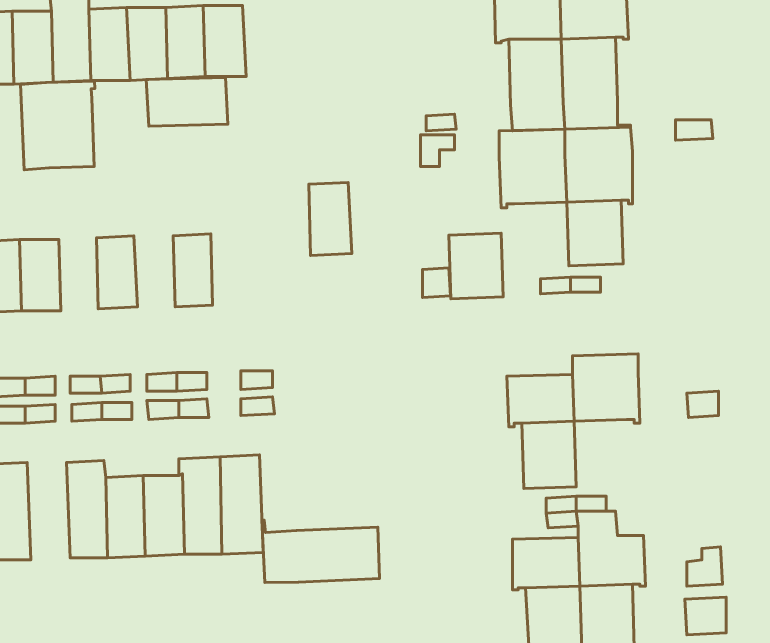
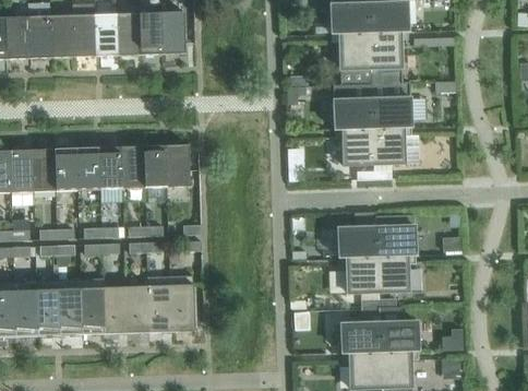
building: [146,77,228,126] -> none
building: [21,81,95,170] -> none
building: [309,182,352,255] -> [165,144,190,187]
building: [449,233,503,299] -> [341,127,373,165]
building: none -> [120,146,144,188]
building: none -> [76,147,99,190]
building: none -> [376,253,408,293]
building: none -> [58,279,83,335]
building: [262,520,380,582] -> none

